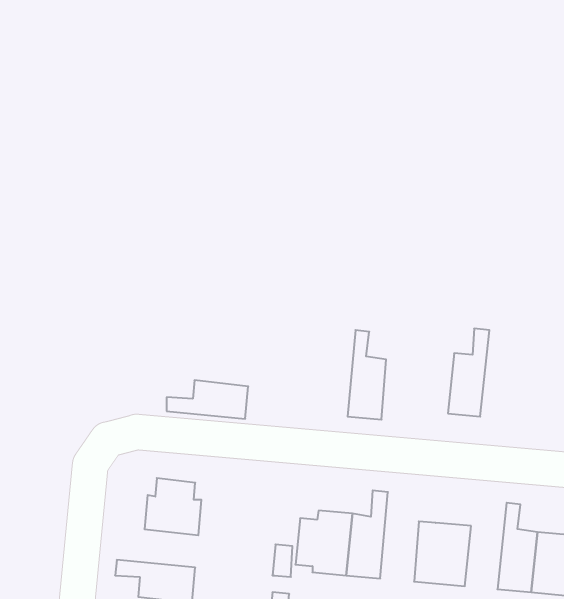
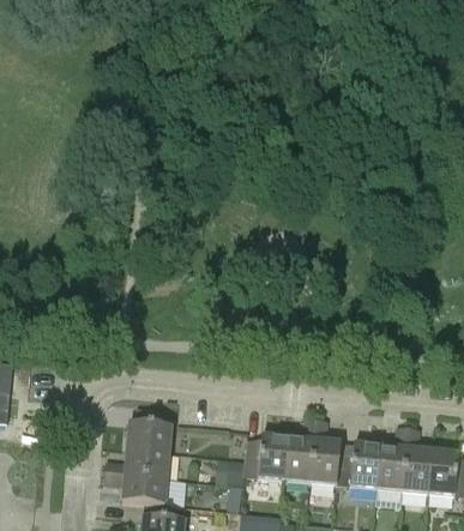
building: [448,329,489,417] -> [376,426,409,494]
building: [348,330,386,420] -> [311,418,341,488]
building: [167,380,248,419] -> [106,447,169,477]

